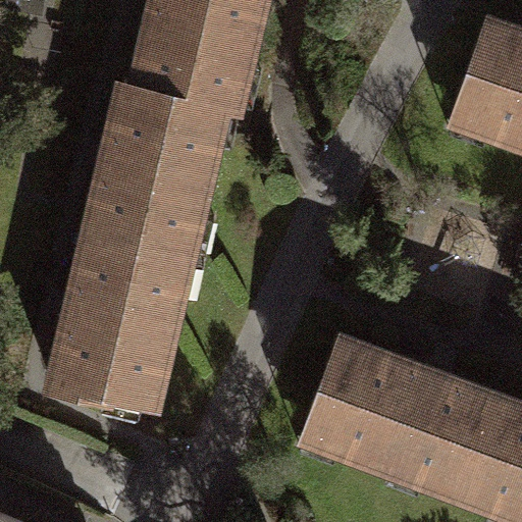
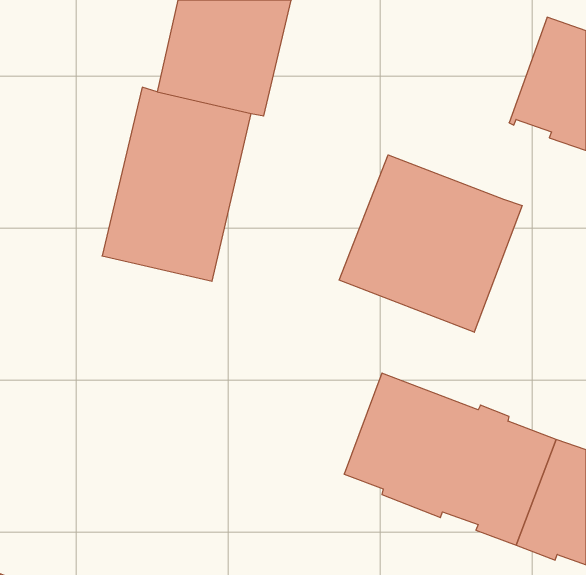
building: none -> [339,155,522,332]
building: [54,238,189,410] -> none

